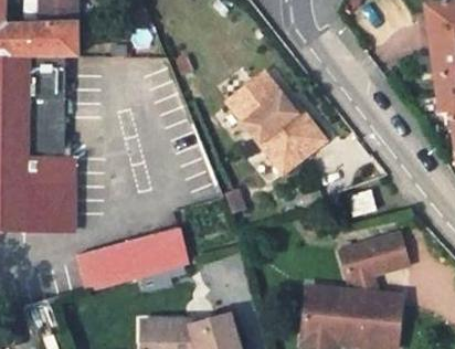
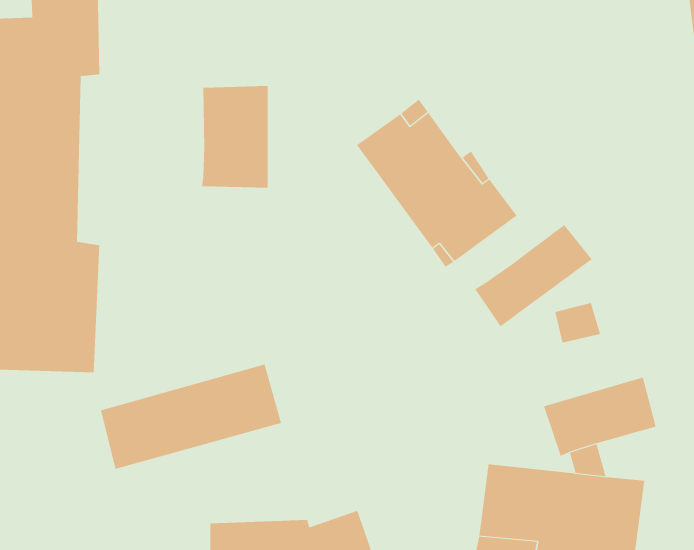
building: none -> [202,85,268,189]
building: none -> [475,224,593,327]

